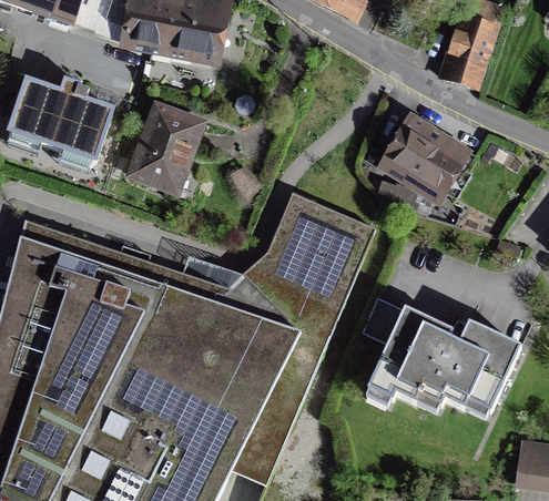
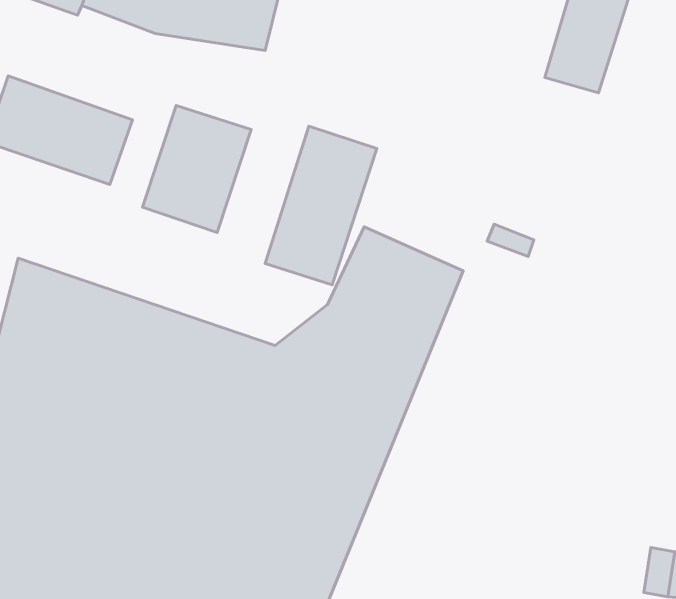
building: [374,110,472,204] -> none
building: none -> [265,126,377,285]
building: [362,296,519,413] -> none

